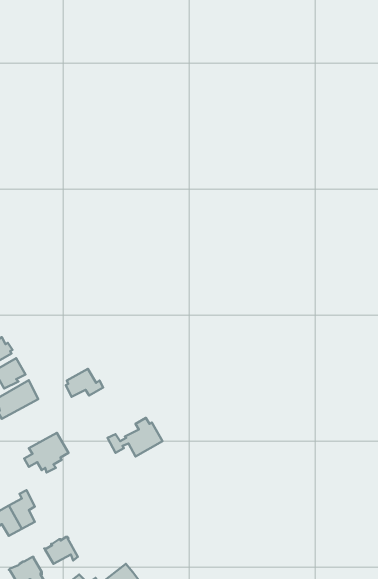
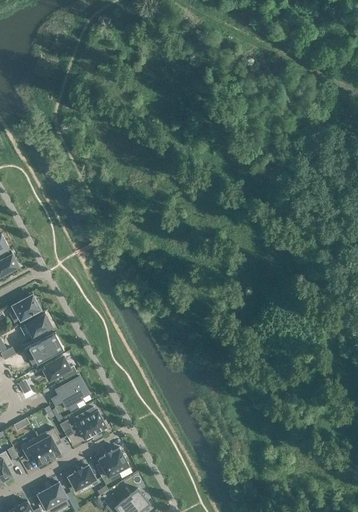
building: [66,369,103,397] -> [43,357,75,381]
building: [107,418,162,456] -> [59,408,106,441]
building: none -> [94,449,128,481]

